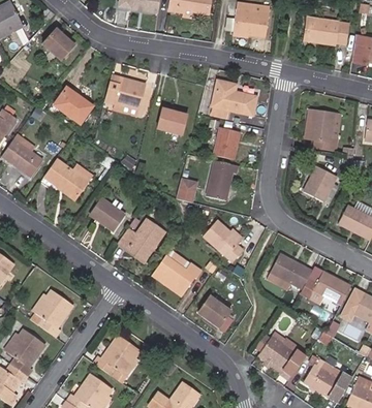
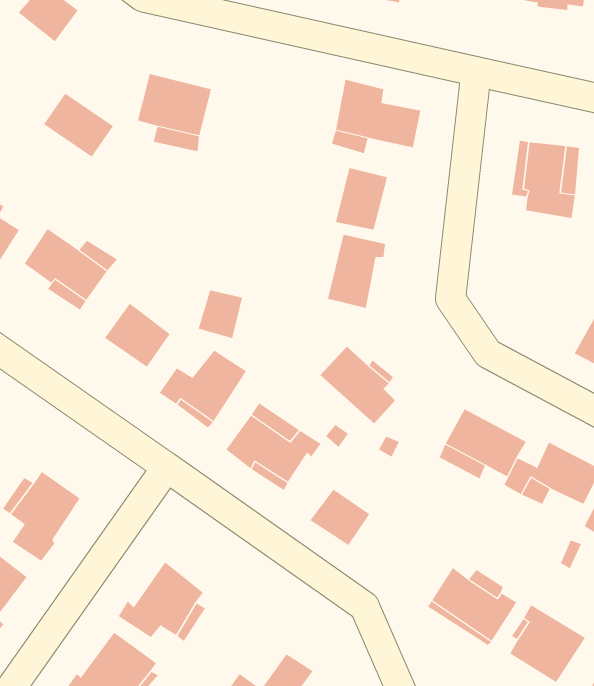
building: [155,108,186,138] -> none
building: [301,165,334,202] -> none
building: [176,178,199,203] -> [198,290,243,339]

